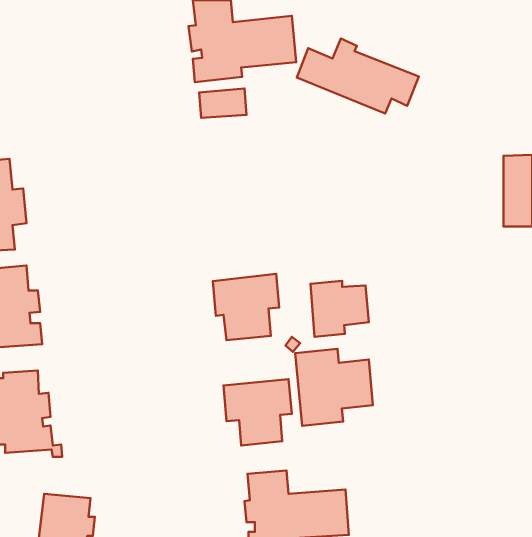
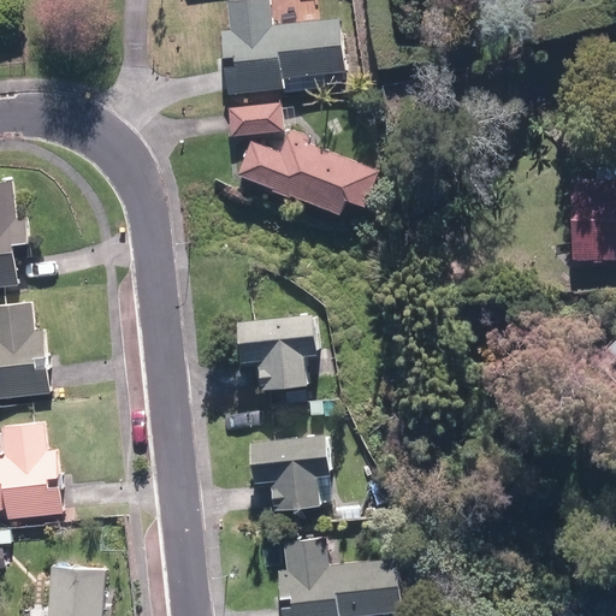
building: [297,39,419,113] -> [237,130,377,215]
building: [311,281,369,337] -> none
building: [295,349,373,426] -> none

